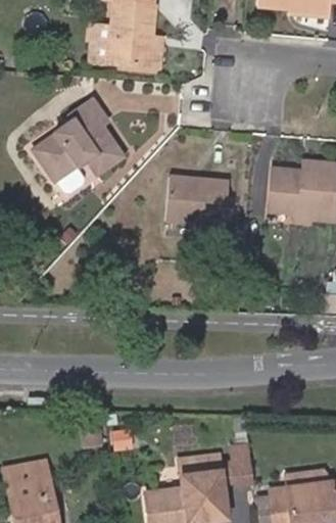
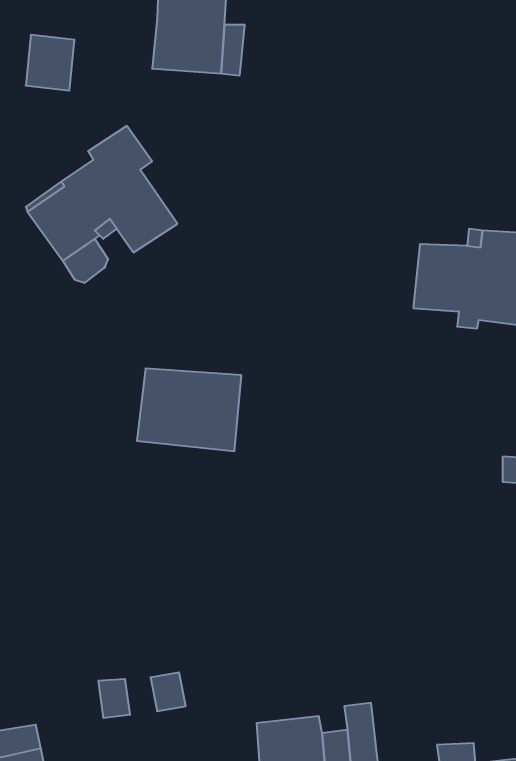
building: [86,29,115,62] -> [26,35,75,91]
building: [170,176,233,226] -> [137,368,241,451]

